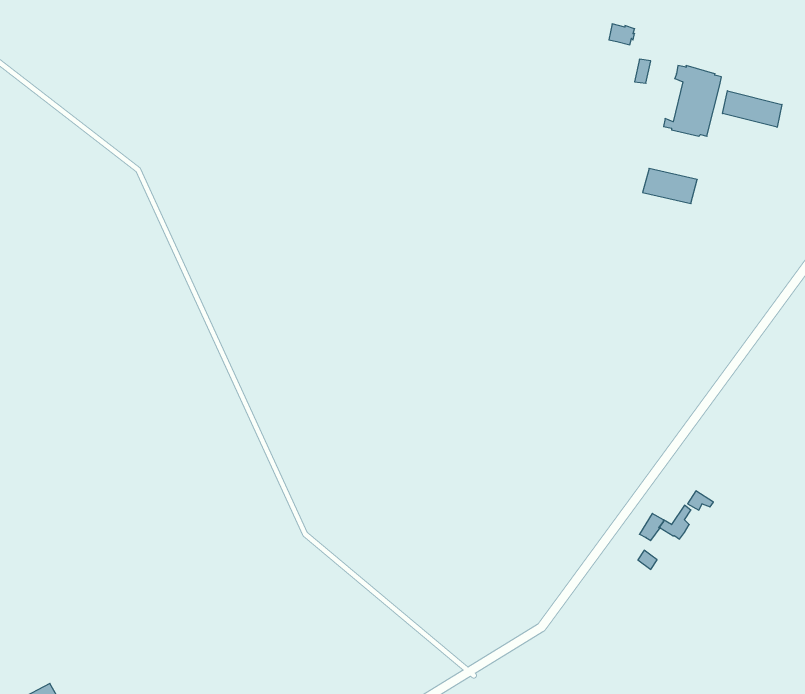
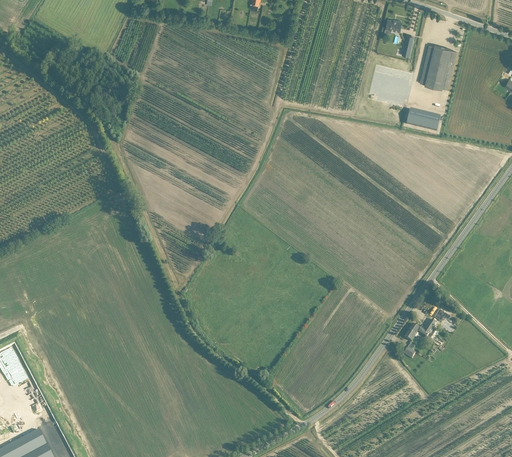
building: [723,91,782,127] -> none

